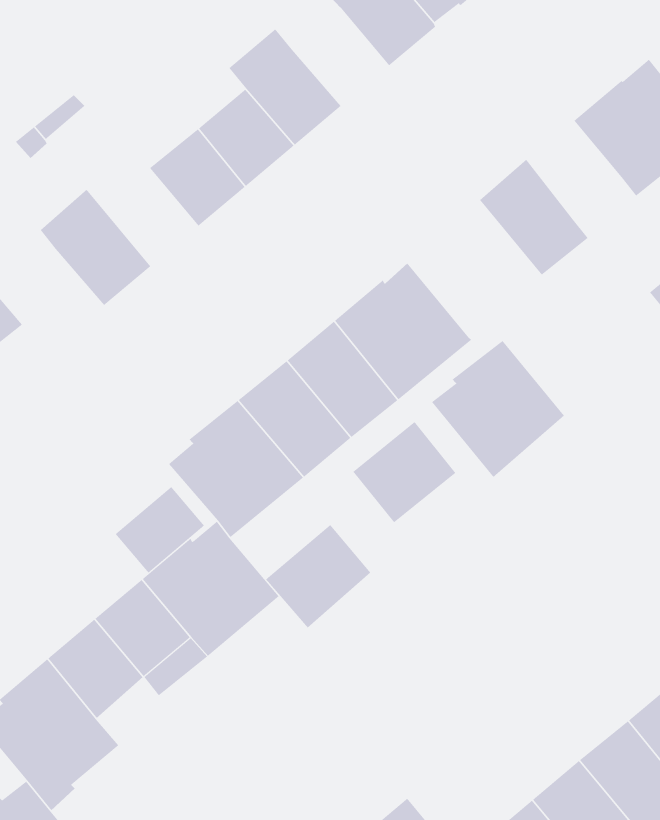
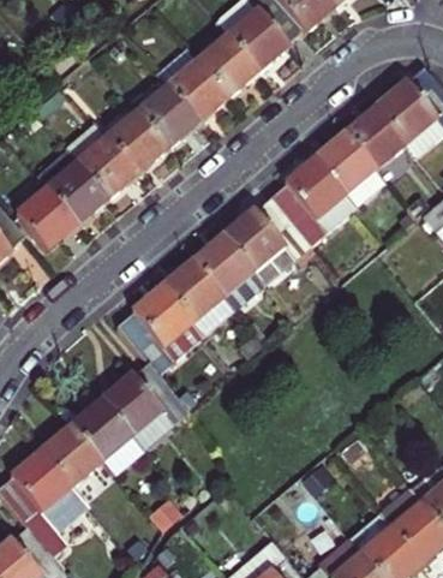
building: none -> [197,34,258,96]
building: none -> [346,106,406,168]
building: none -> [64,123,137,198]
building: none -> [16,187,77,250]
building: [431,340,565,478] -> [270,156,355,244]
building: [353,421,456,523] -> none
building: [115,486,205,574] -> none
building: [265,524,371,628] -> none

